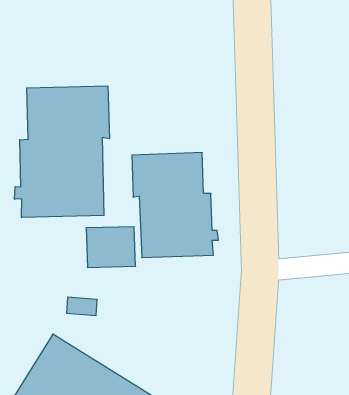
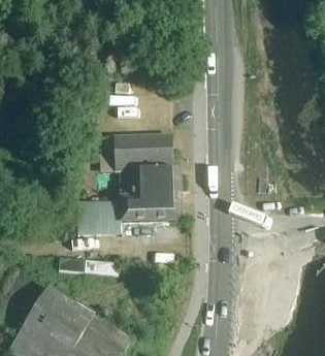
building: [15,86,109,218] -> none

